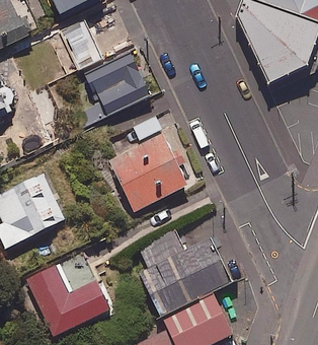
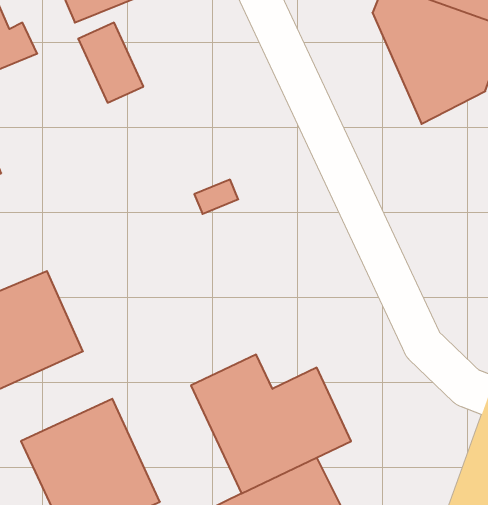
building: [78,55,149,127] -> none
building: [110,137,188,213] -> none

